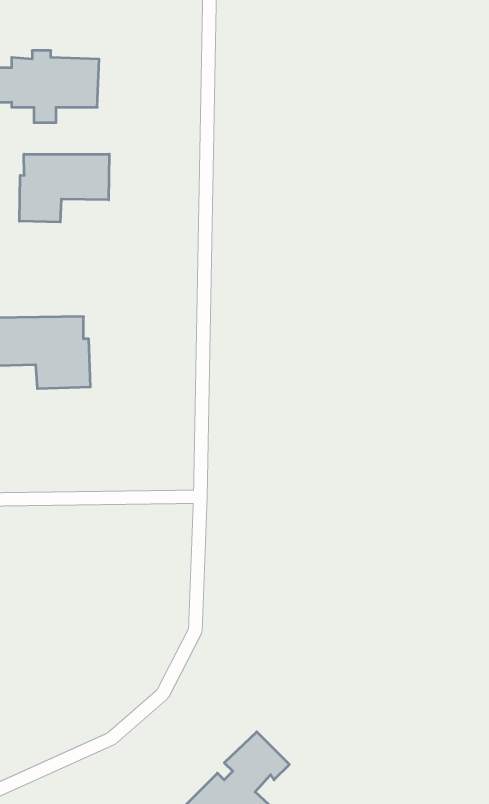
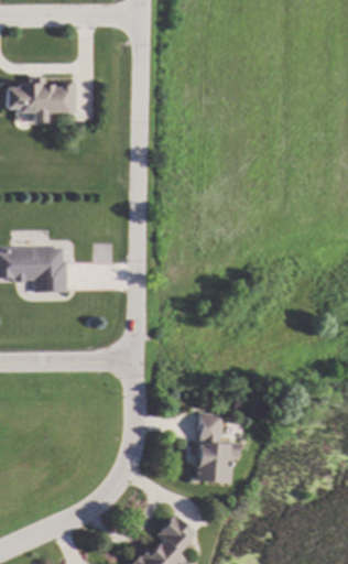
building: [19,154,109,222] -> none
building: none -> [193,411,238,481]

